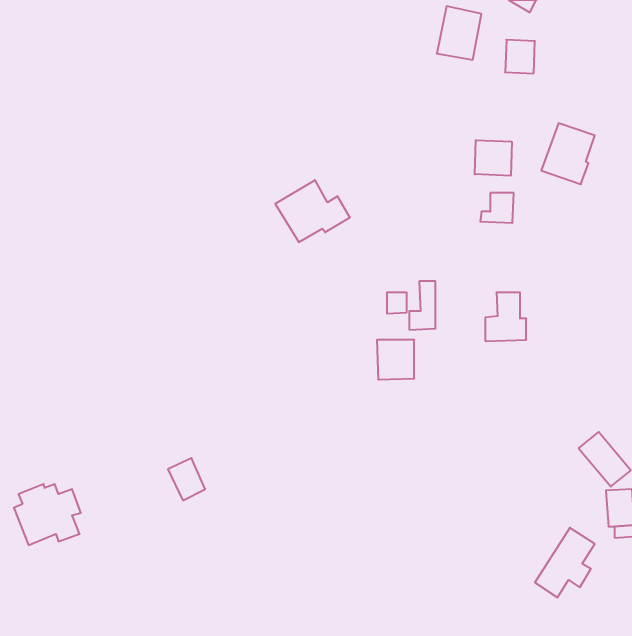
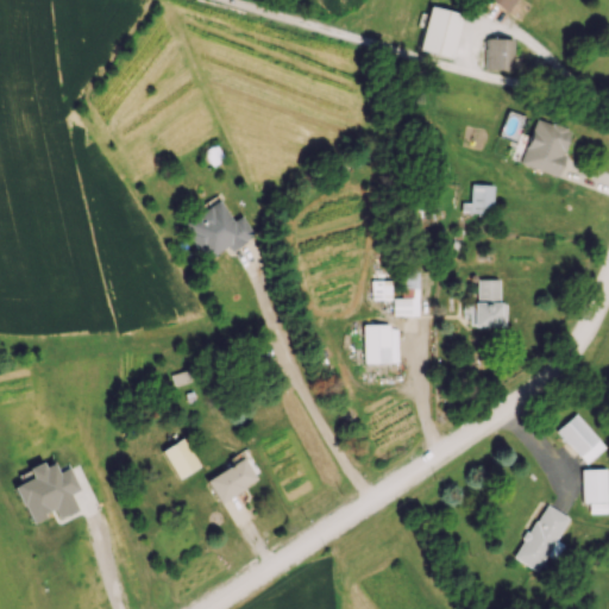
building: [475,140,512,176] -> none
building: [275,180,350,242] -> [184,200,256,259]
building: none -> [208,458,259,502]

